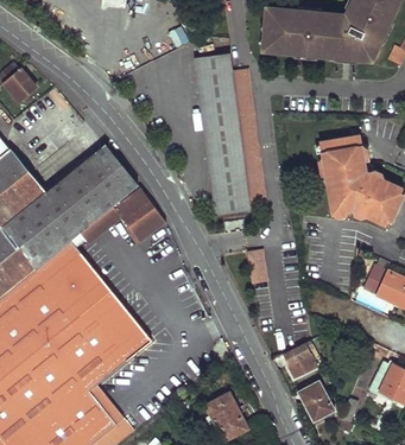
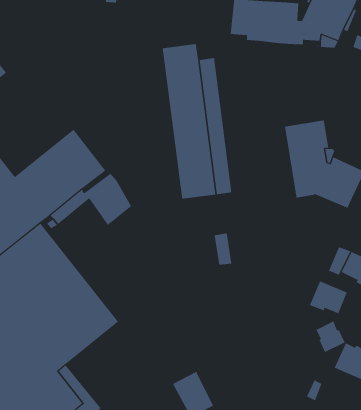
building: none -> [309,280,347,314]
building: [284,344,315,377] -> [315,320,345,353]
building: [295,384,331,425] -> none

